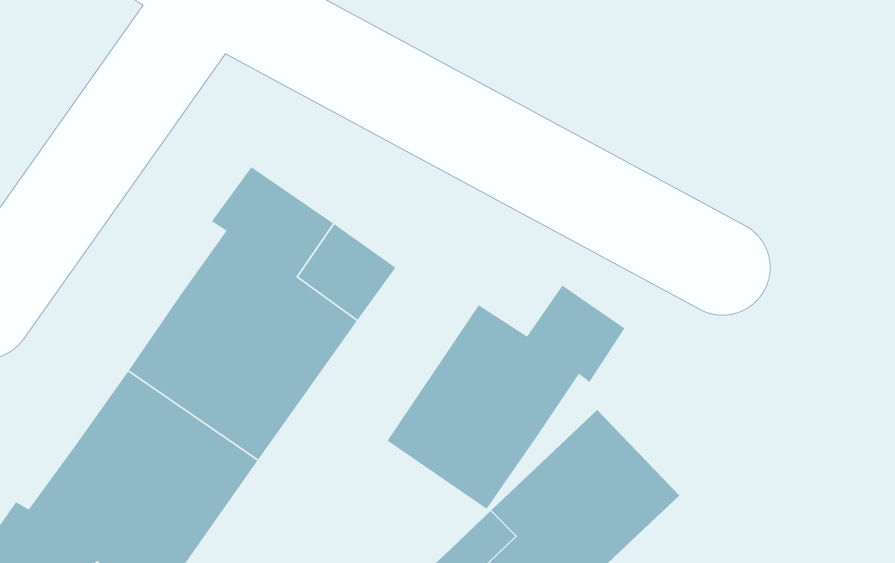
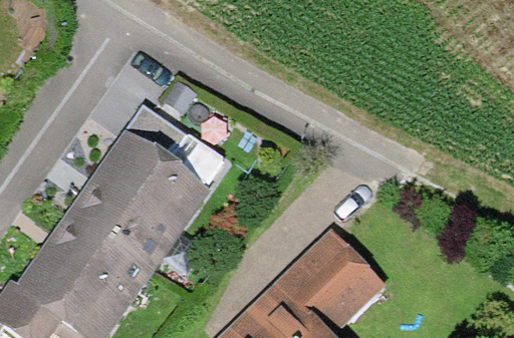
building: [386,284,626,510] -> none

